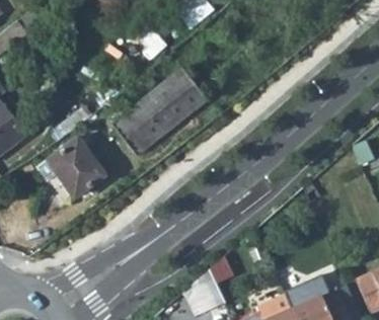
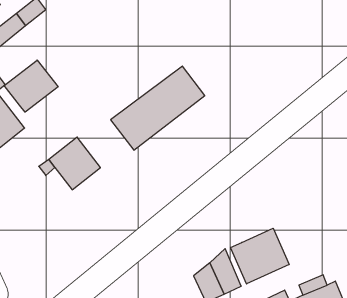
building: none -> [4,60,58,112]
building: none -> [231,228,289,284]

